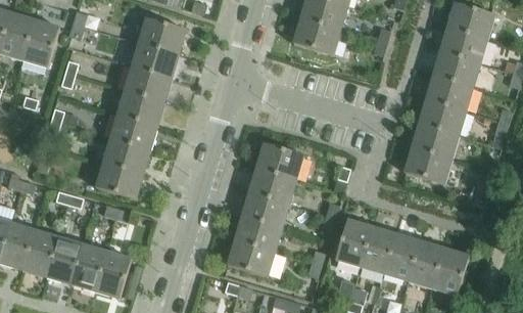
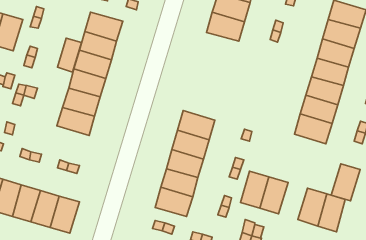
building: none -> [58,38,81,72]
building: [95,162,143,198] -> none
building: [383,233,420,280] -> [331,164,360,201]

